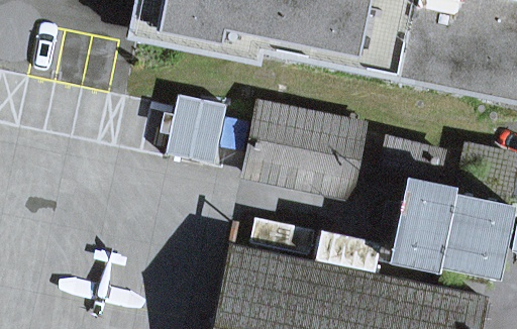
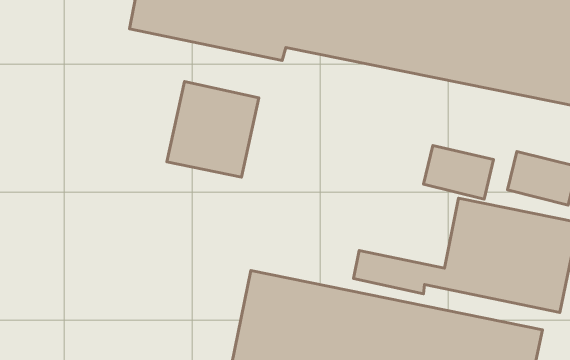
building: [245,103,363,192] -> none

